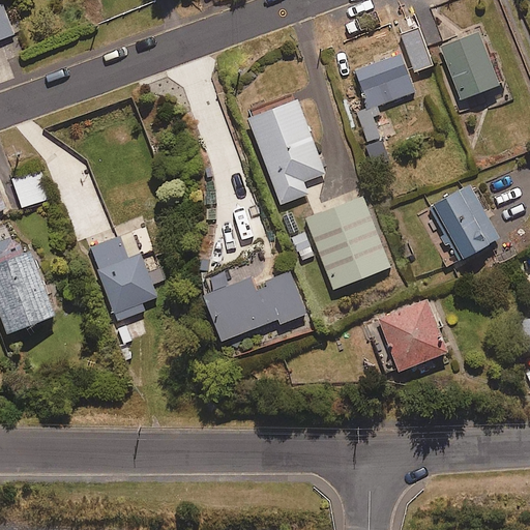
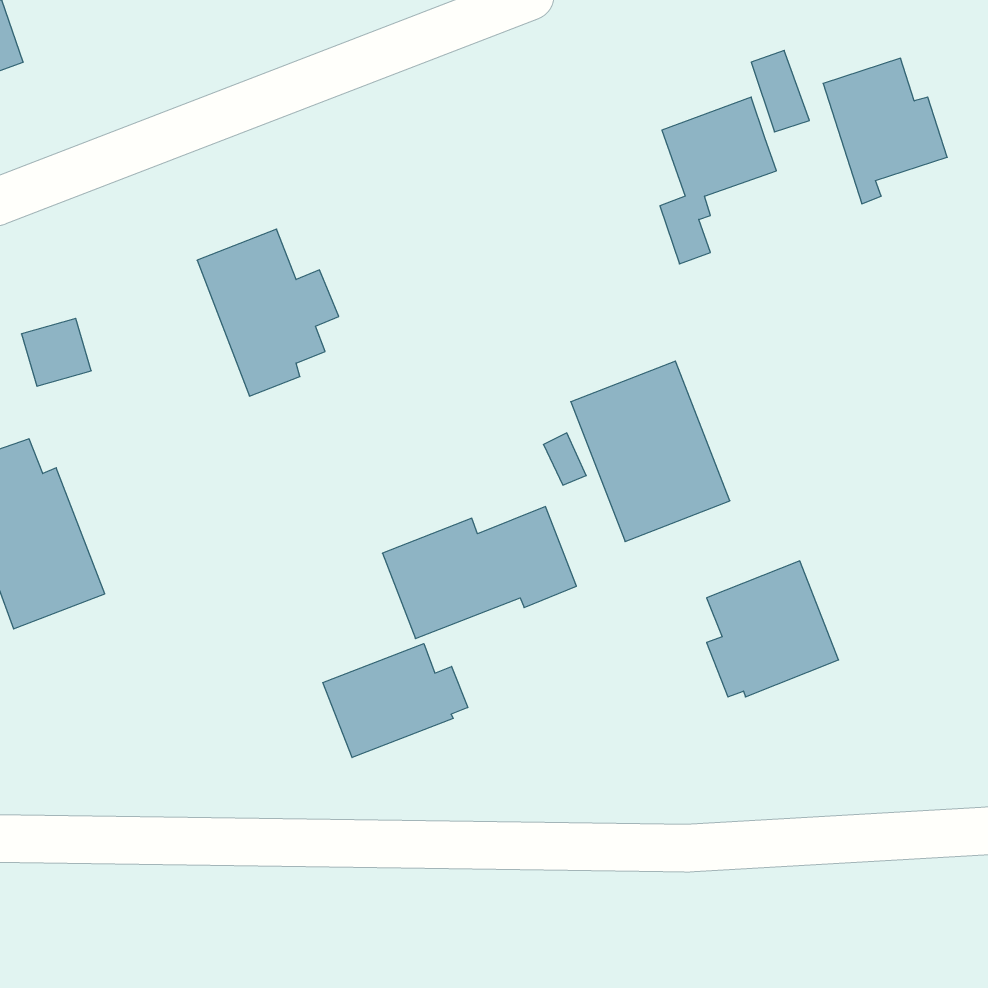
building: [248,100,324,203] -> none
building: [428,184,517,263] -> none
building: [88,231,164,320] -> [197,229,339,396]
building: none -> [323,644,468,758]

